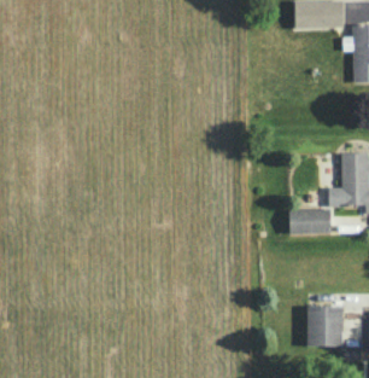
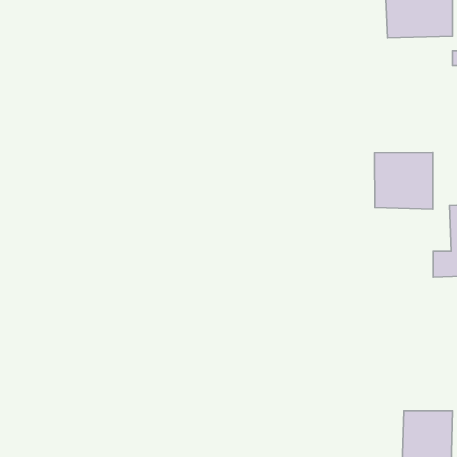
building: none -> [375,153,433,209]
building: [289,209,330,233] -> none

